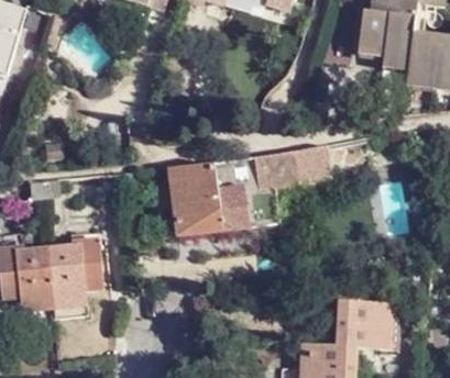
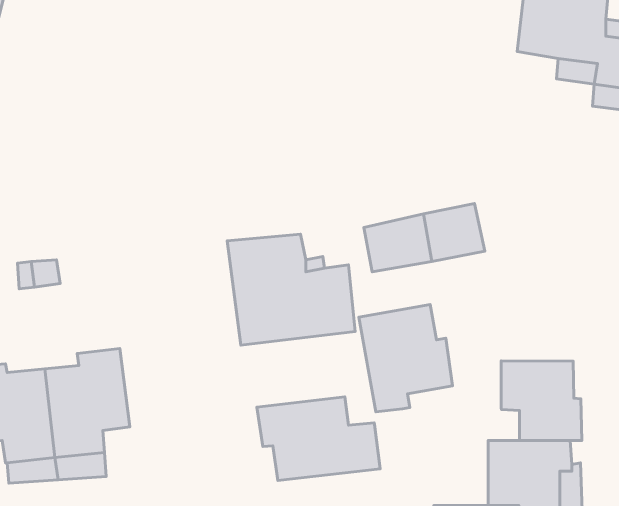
building: none -> [359,304,453,412]
building: none -> [501,361,582,441]
building: none -> [257,397,380,481]

